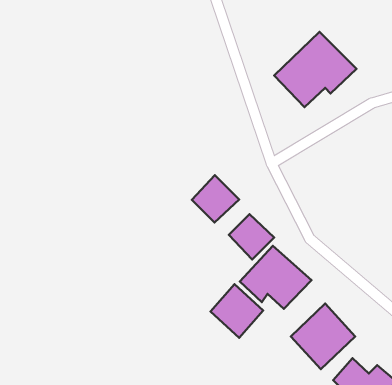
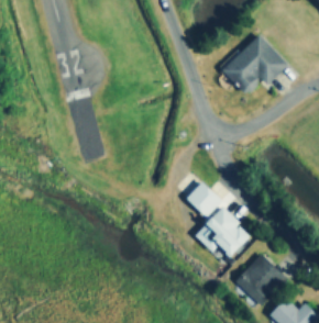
building: [192,175,239,223] -> none
building: [211,284,263,338] -> none

